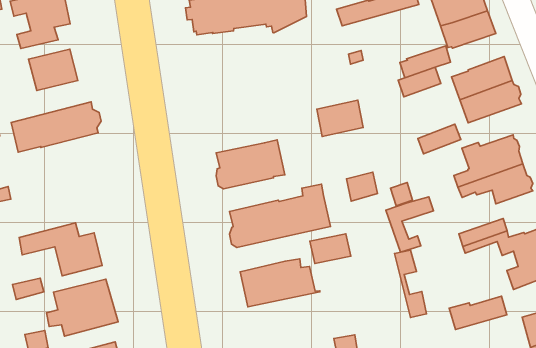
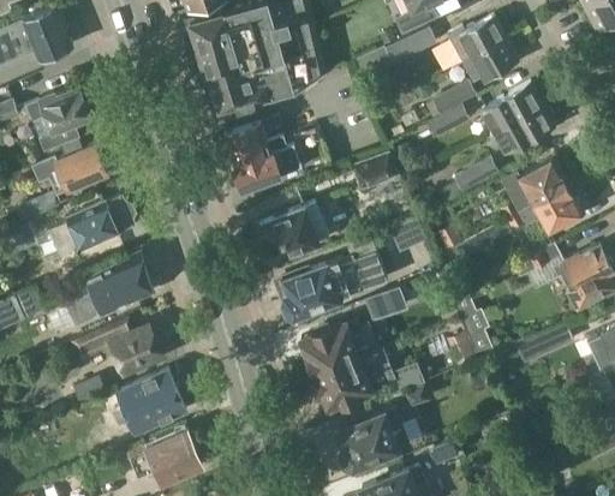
building: none -> [223,124,287,191]
building: none -> [64,255,155,325]
building: none -> [314,348,425,410]

